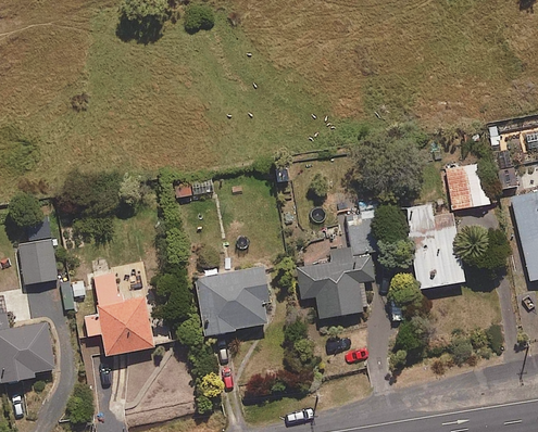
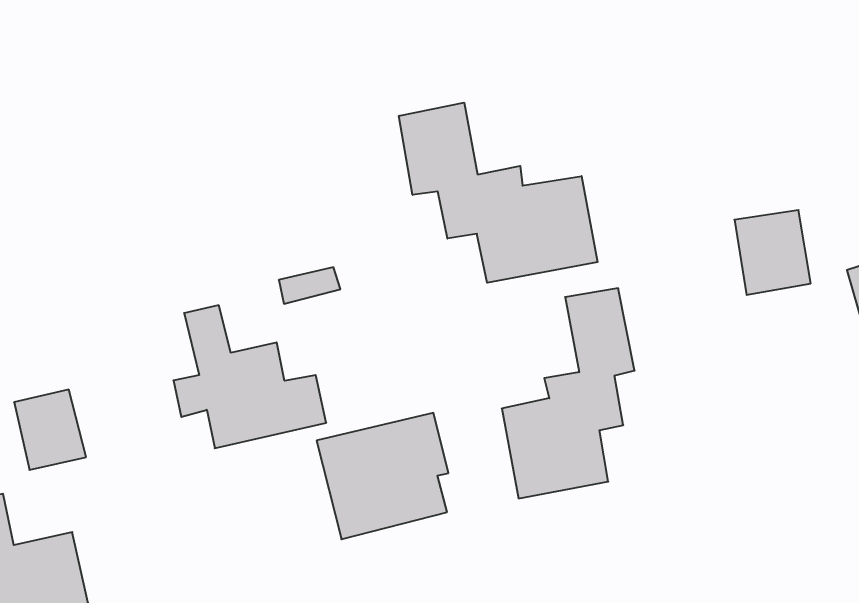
building: none -> [399,103,598,283]
building: [405,203,464,289] -> none
building: [84,272,172,356] -> [173,305,326,448]

